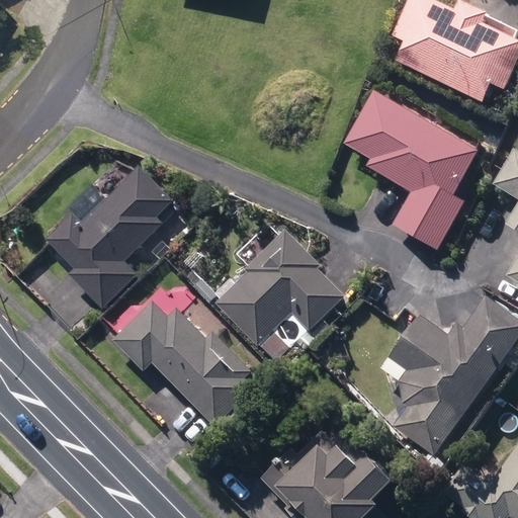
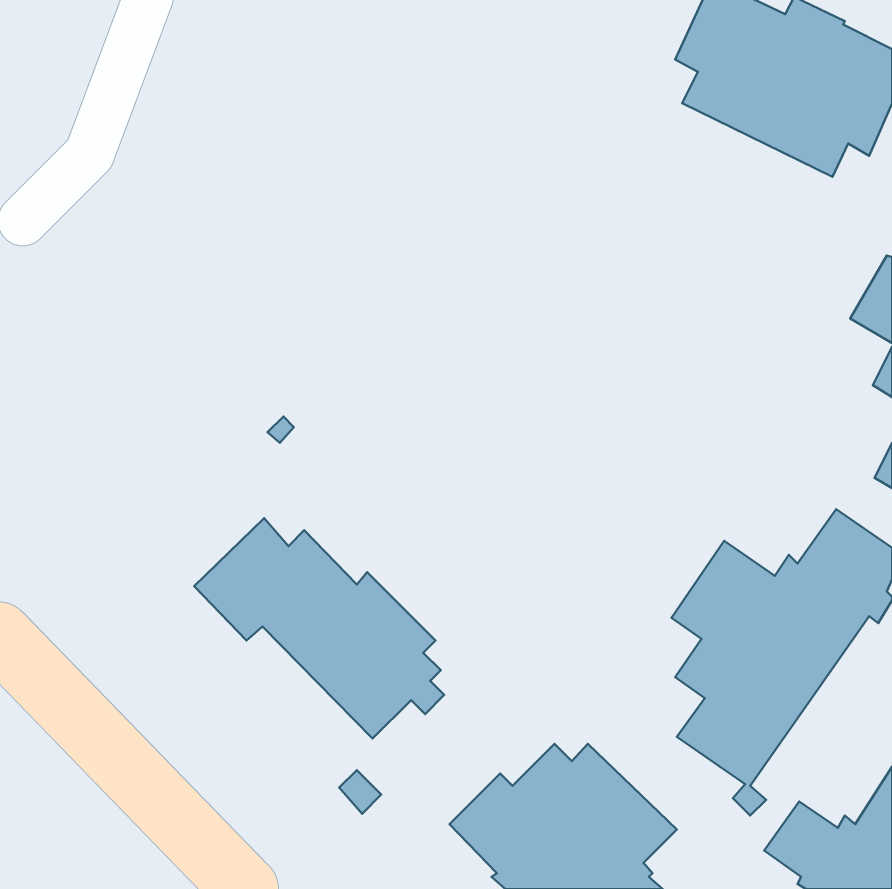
building: [345,92,478,250] -> none
building: [45,165,174,309] -> none
building: [217,229,344,346] -> none

